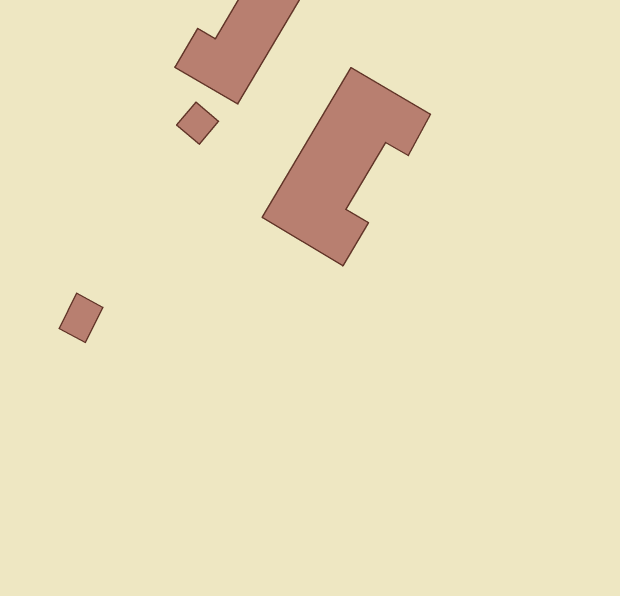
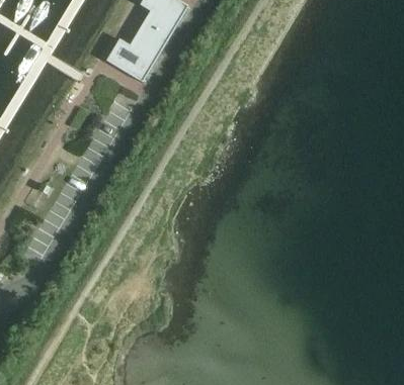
building: [262,68,430,266] -> none

